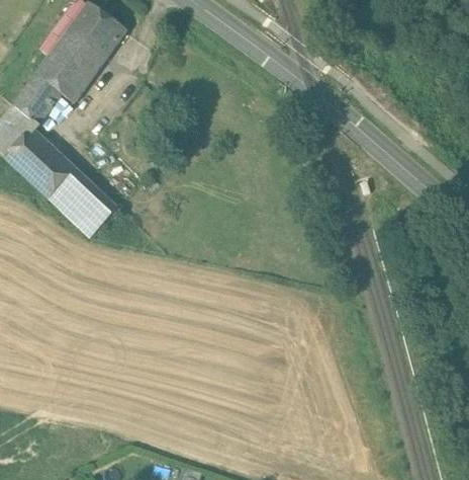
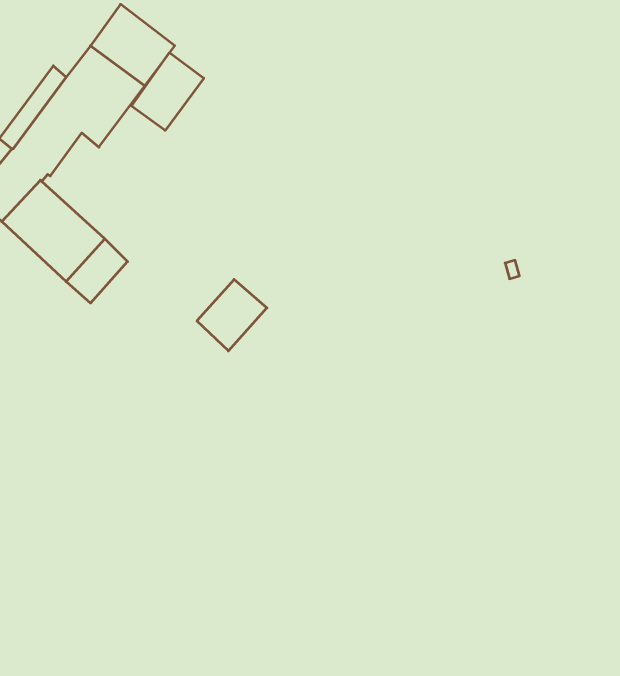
building: none -> [131,53,204,130]
building: [68,185,117,236] -> [197,279,267,351]

